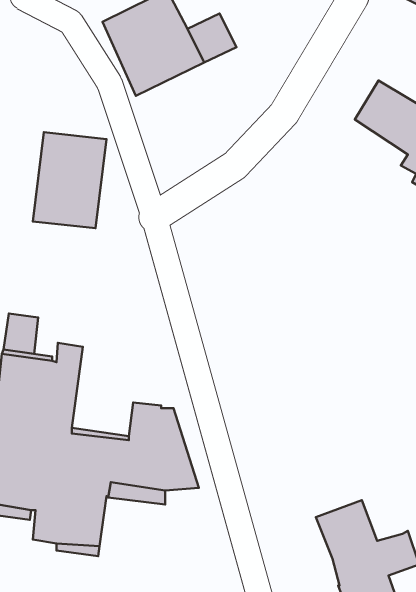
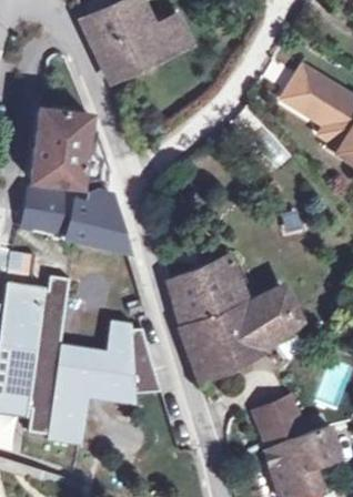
building: none -> [21,189,127,251]
building: none -> [170,256,299,381]

